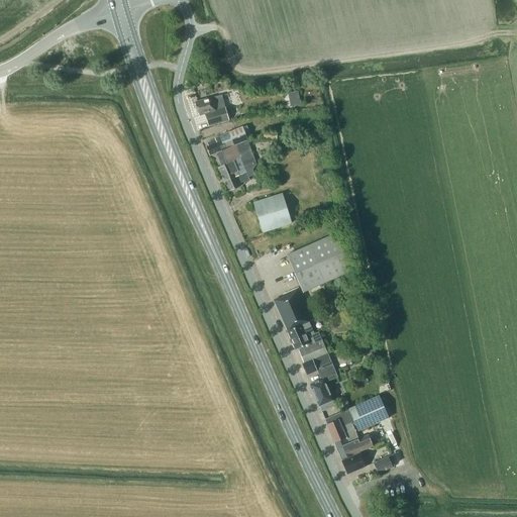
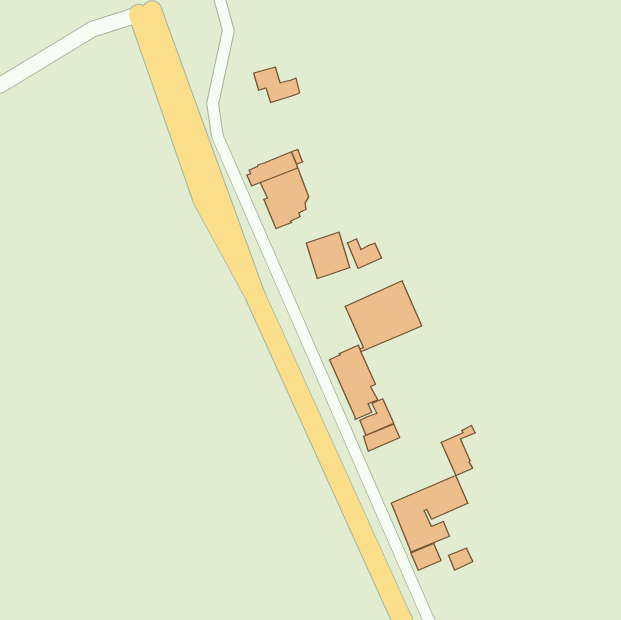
building: [195,96,233,125] -> [254,67,300,102]
building: none -> [347,239,382,268]
building: [309,370,337,411] -> [441,425,475,475]

